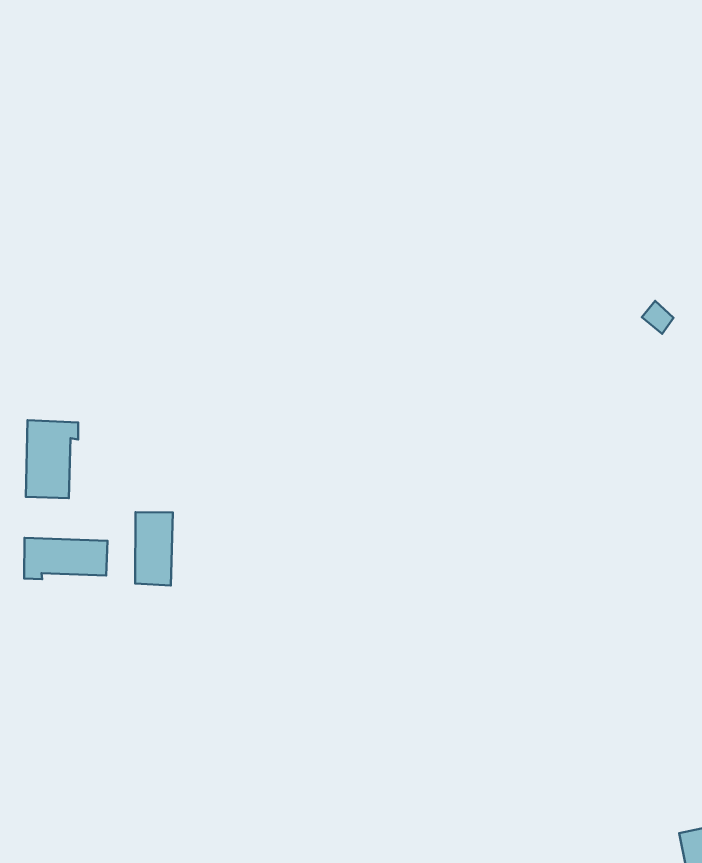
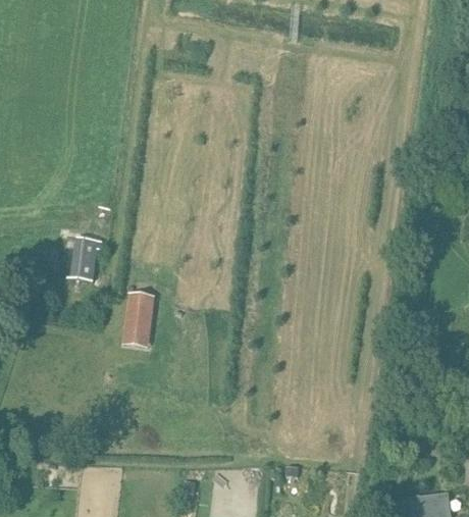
building: [24,538,107,579] -> none

